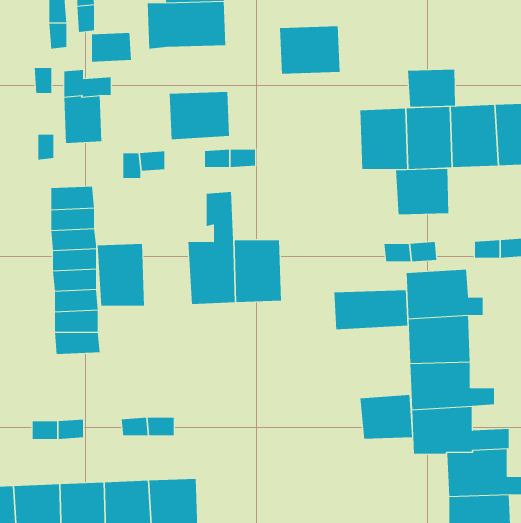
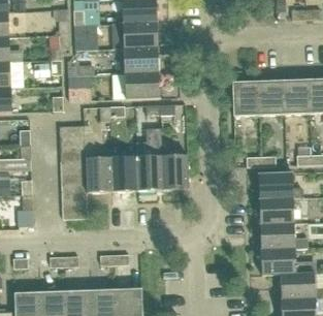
building: [279,26,340,74] -> [125,46,159,73]
building: [408,69,456,108] -> none
building: [395,168,449,215] -> none
building: none -> [111,156,138,192]
building: [334,289,408,330] -> none
building: [360,394,413,439] -> none

